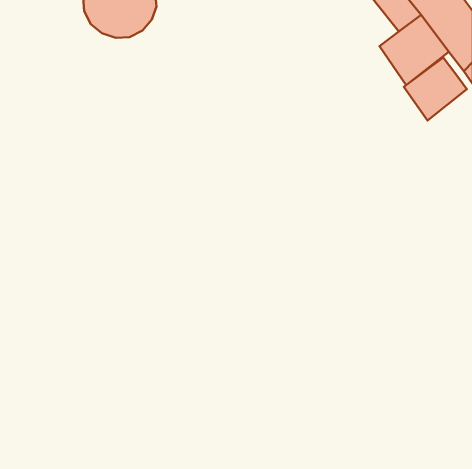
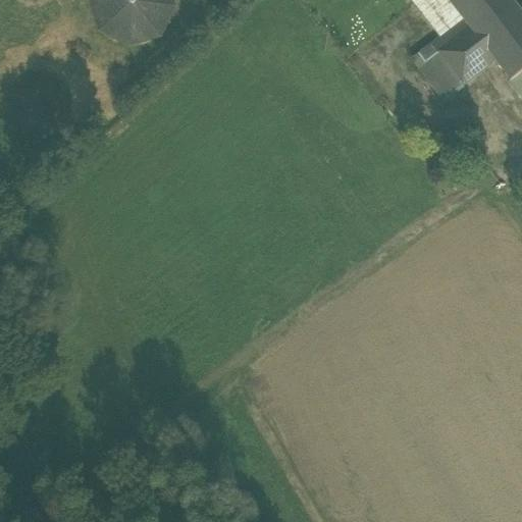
building: [404,57,467,120] -> none

